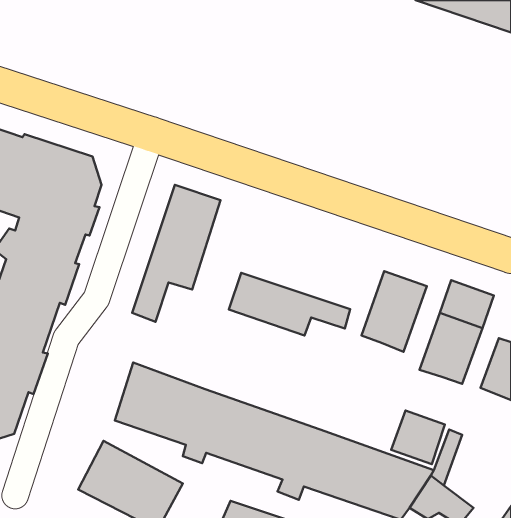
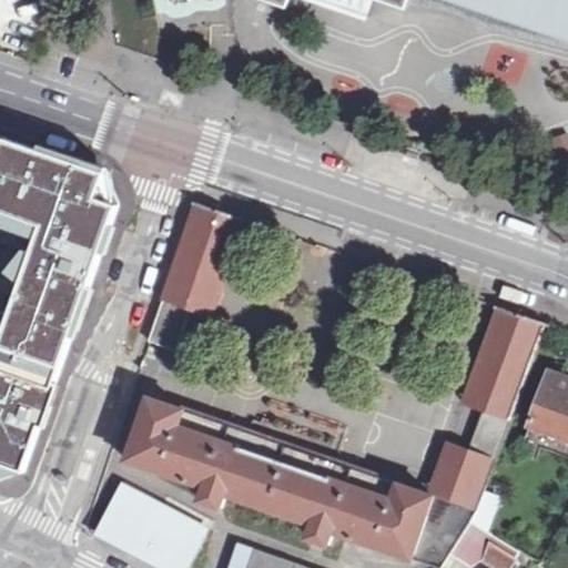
building: [361,271,427,352] -> none
building: [229,273,350,336] -> none
building: none -> [468,413,505,463]

